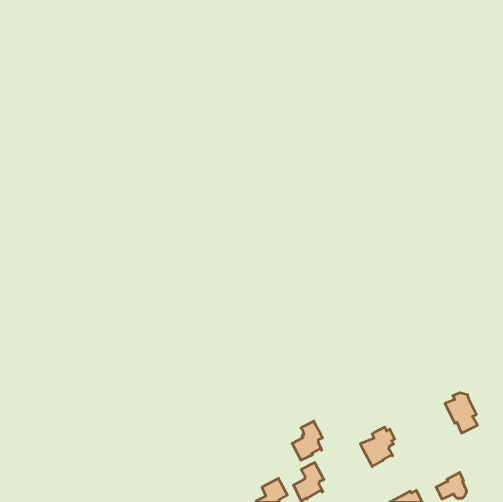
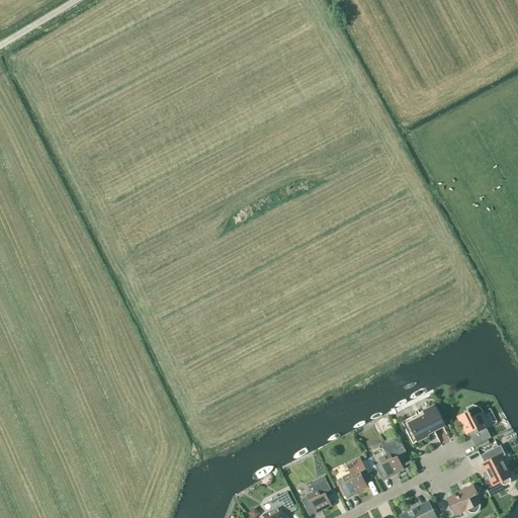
building: none -> [409,405,443,440]
building: [292,421,323,460] -> [337,457,368,498]
building: none -> [481,444,511,485]

